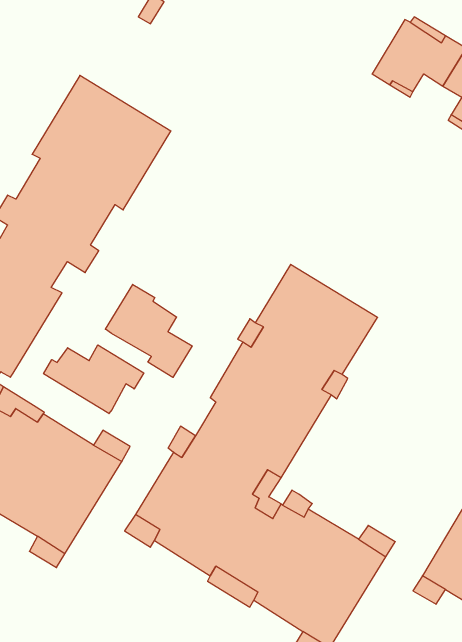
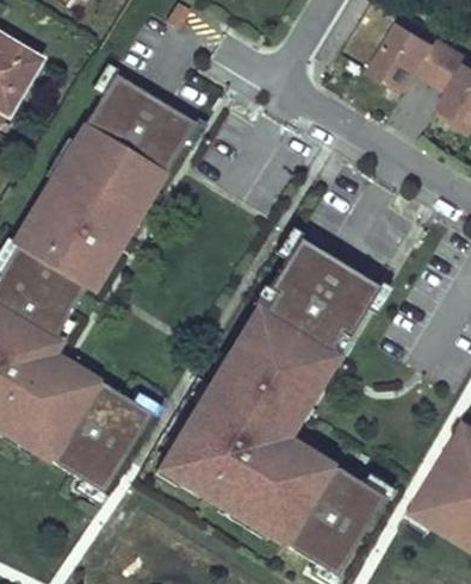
building: [105,284,192,377] -> none
building: [44,345,144,414] -> none

